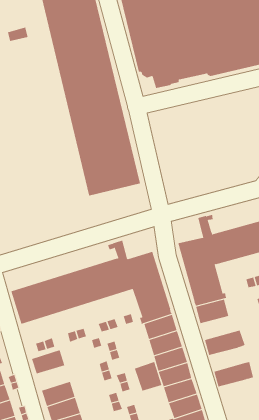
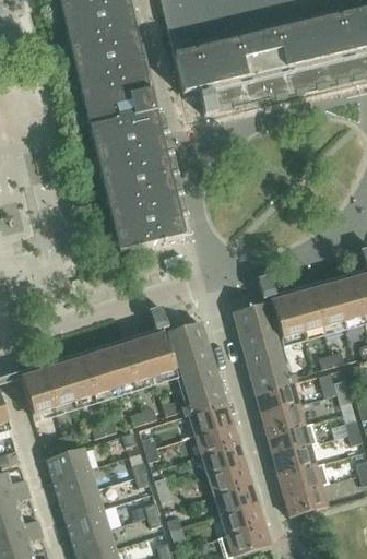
building: none -> [261,405,305,436]
building: none -> [272,445,316,476]
building: [134,361,162,392] -> none
building: none -> [52,468,96,500]
building: none -> [284,486,327,518]

